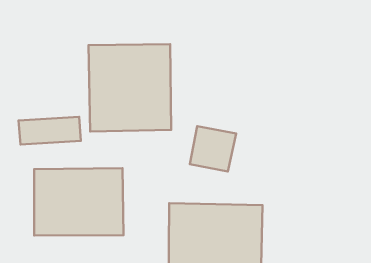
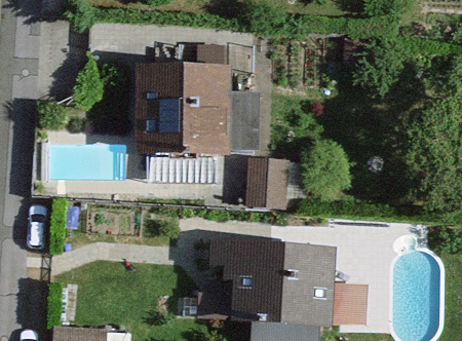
building: [34,168,123,235] -> none

